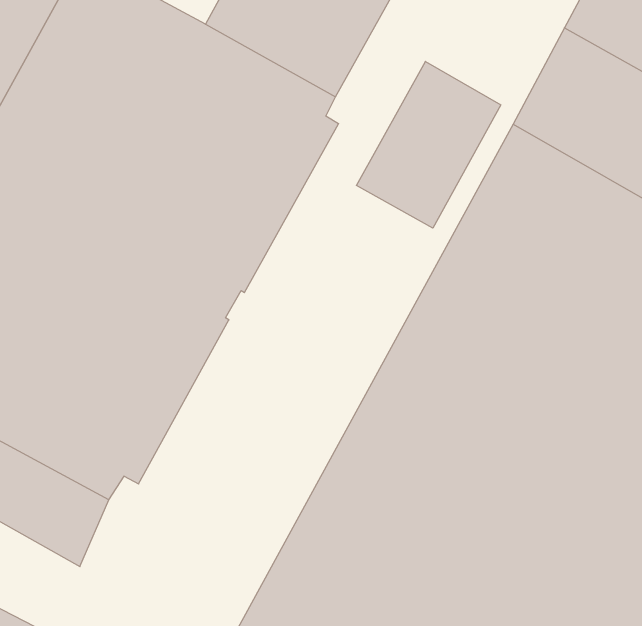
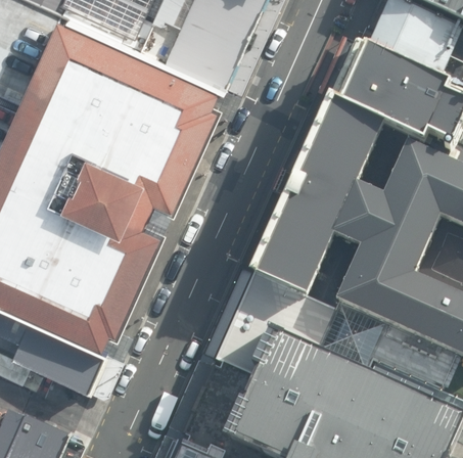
building: [356,61,501,228] -> none

